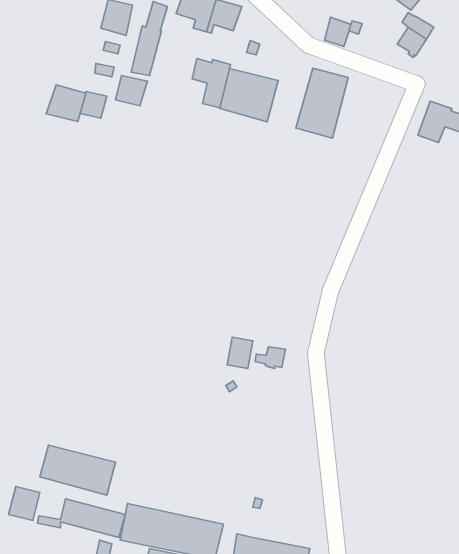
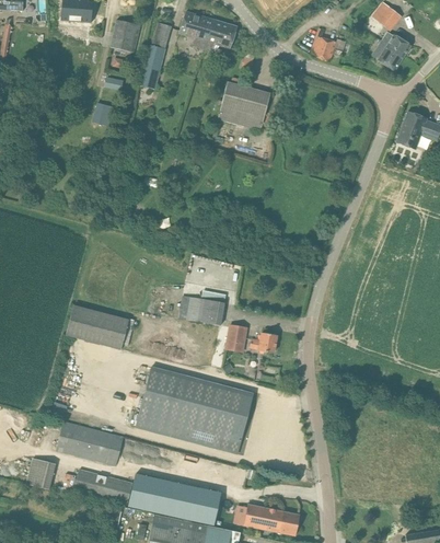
building: [192,59,231,108] -> none
building: [296,68,348,138] -> none
building: [115,75,148,106] -> none
building: [46,85,86,122] -> none
building: none -> [178,290,225,325]
building: none -> [66,304,128,349]
building: none -> [135,367,253,453]

